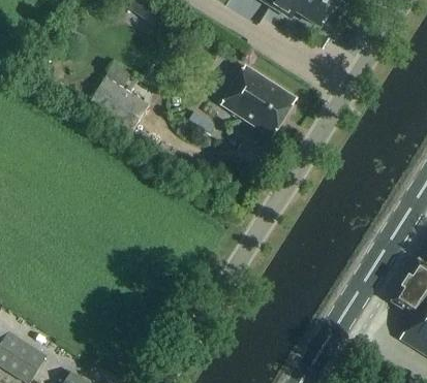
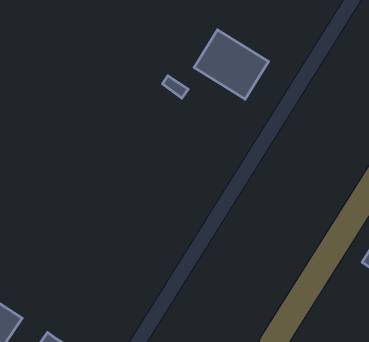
building: [88,76,150,132] -> none

